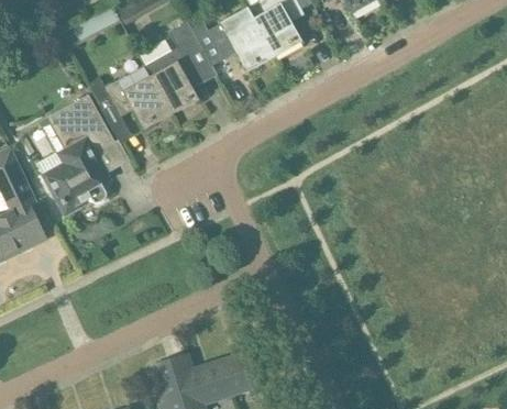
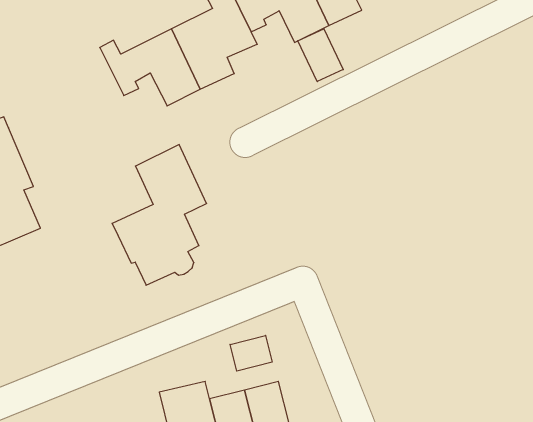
building: none -> [298,29,343,82]
building: [37,95,114,212] -> [112,145,207,285]
building: none -> [230,335,272,371]

